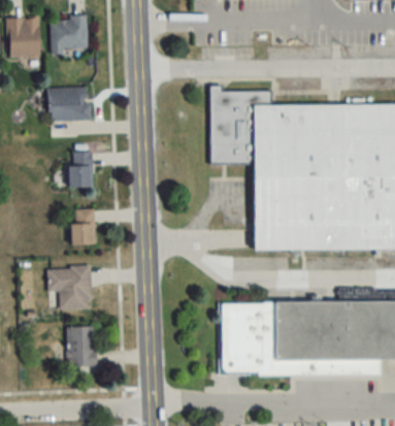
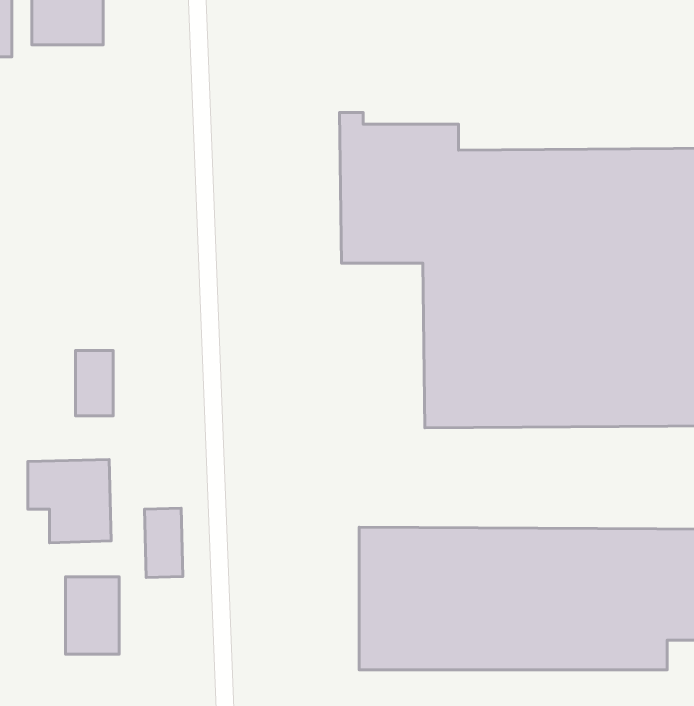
building: [50,87,90,121] -> none
building: [69,153,93,187] -> none
building: none -> [145,508,183,577]

